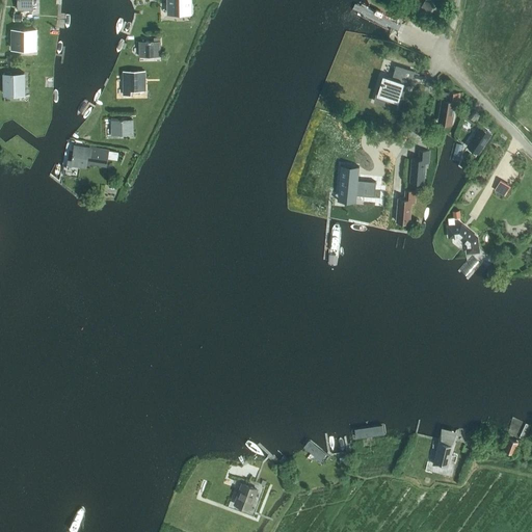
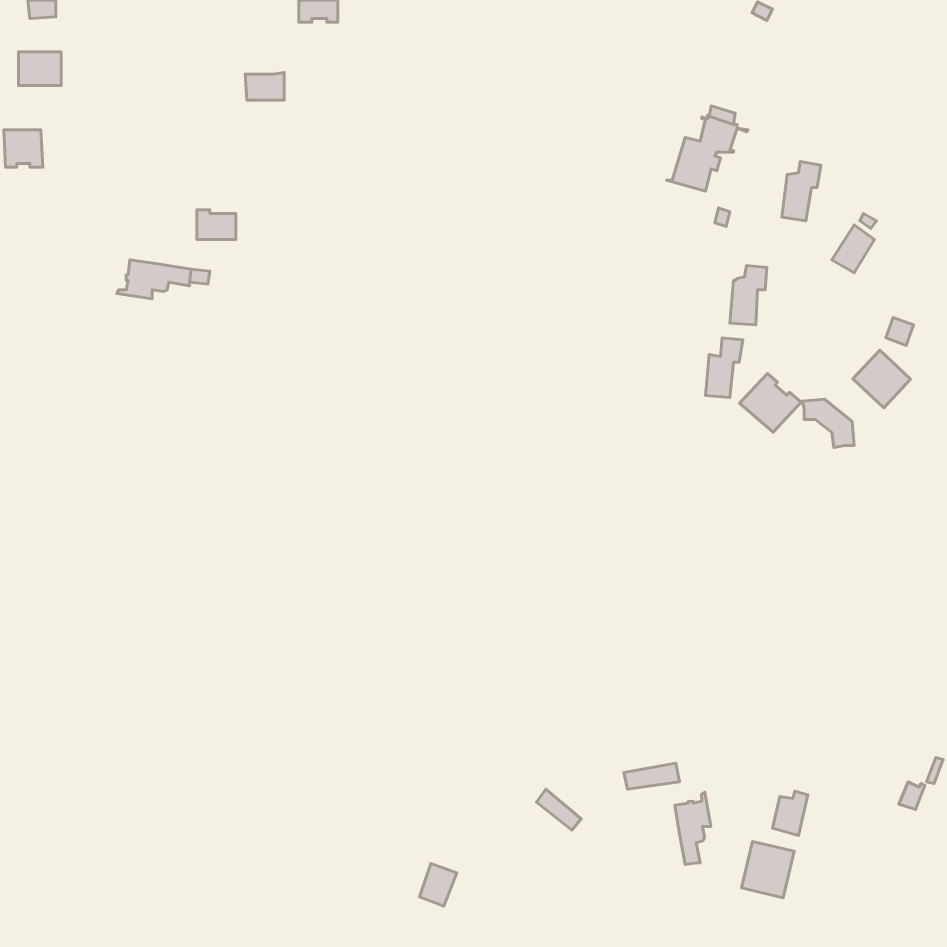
building: [123,72,143,91] -> none
building: [338,168,374,204] -> none
building: none -> [853,350,911,408]
building: none -> [740,373,801,432]
building: none -> [675,792,711,865]
building: none -> [742,842,794,898]

